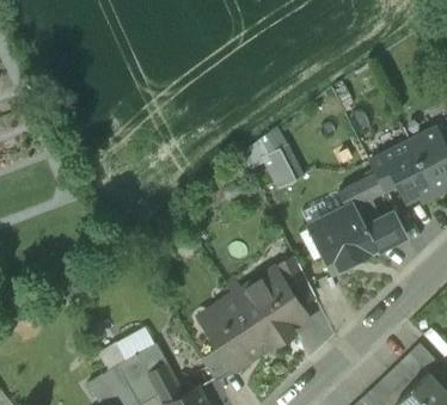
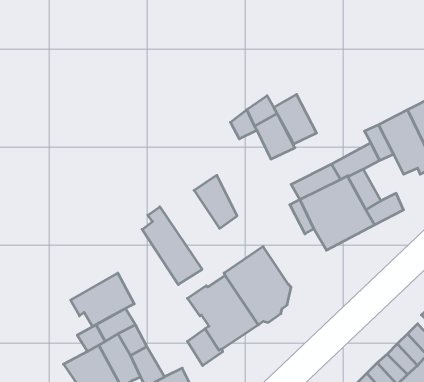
building: none -> [274,94,317,144]
building: none -> [142,207,202,285]
building: [274,256,314,306] -> [194,175,237,228]
building: none -> [71,273,134,326]

